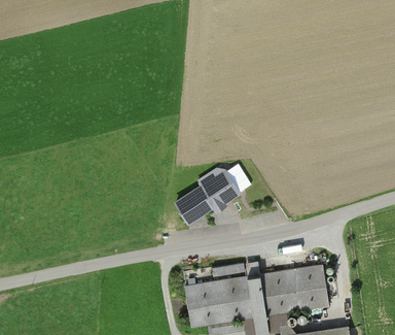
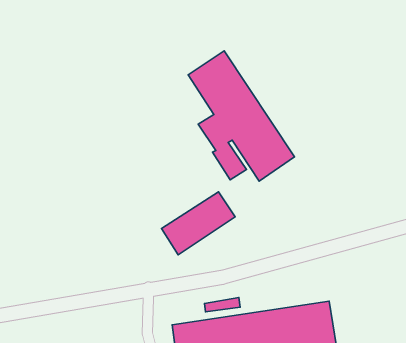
building: none -> [188,51,295,181]

